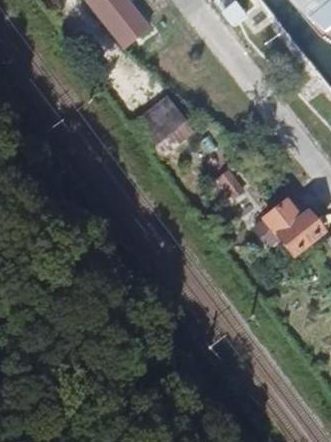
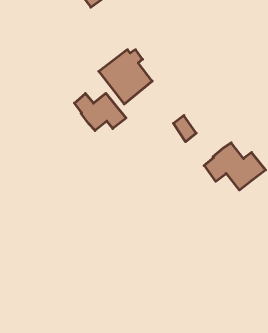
building: none -> [74,93,126,131]

